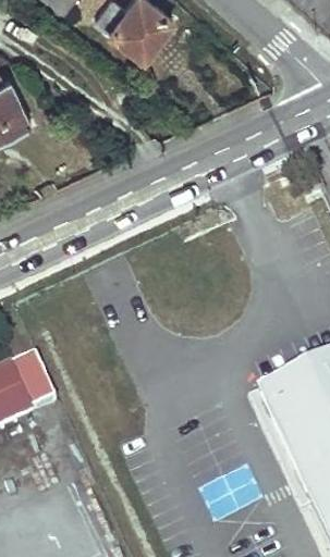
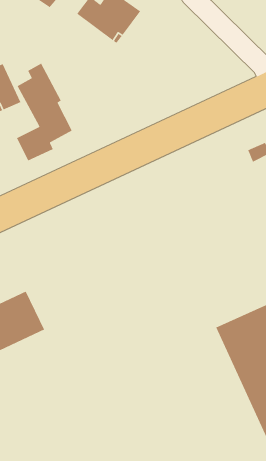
building: none -> [16,62,73,162]

